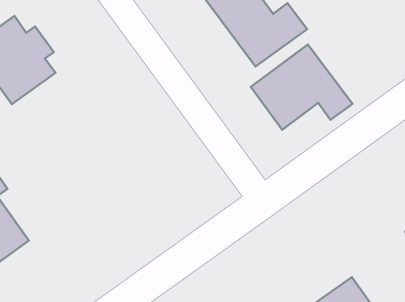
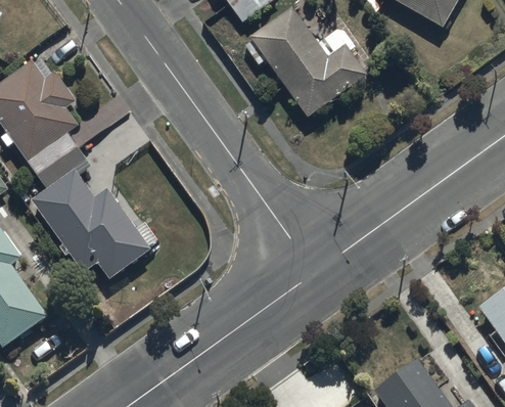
building: [251,45,353,130] -> none
building: none -> [31,168,150,278]

